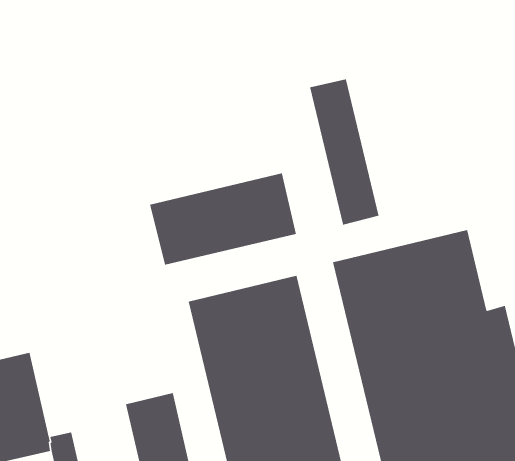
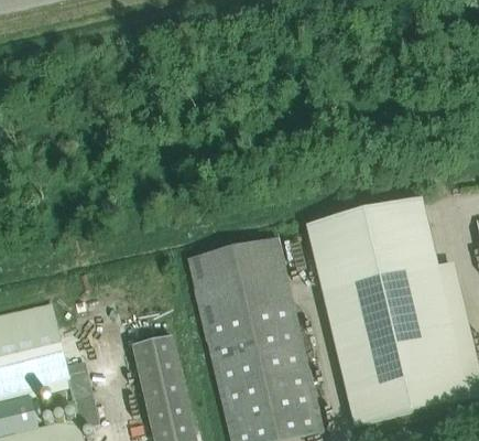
building: [309,78,379,226] -> none
building: [149,172,296,266] -> none

